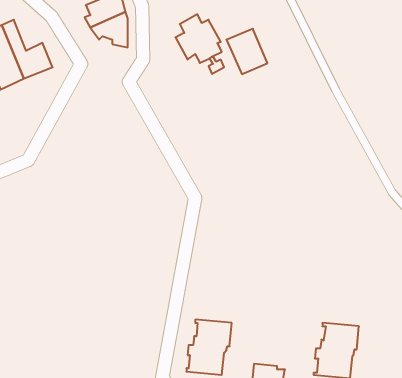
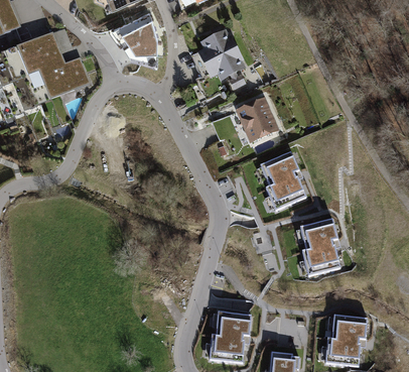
building: [226,29,267,74] -> [239,99,276,140]
building: none -> [261,152,306,212]
building: none -> [300,220,340,275]

